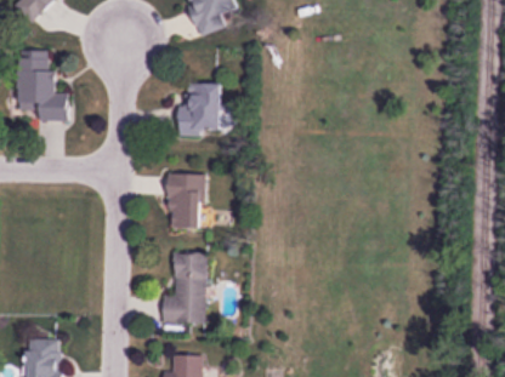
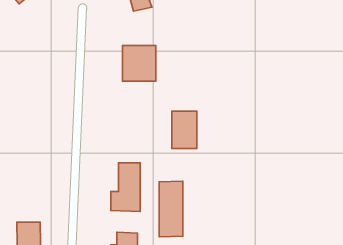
building: [21,50,69,119] -> none
building: [166,173,203,228] -> [172,111,197,149]
building: none -> [159,181,183,237]

